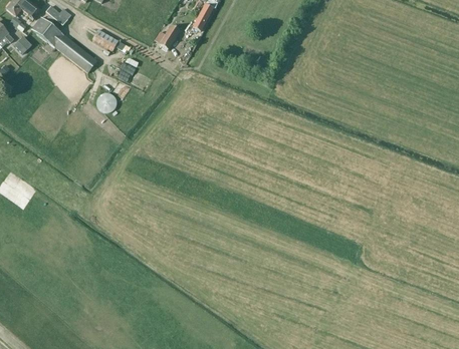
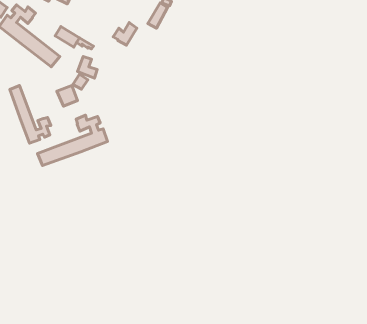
building: none -> [10,86,51,143]
building: none -> [38,115,108,165]

